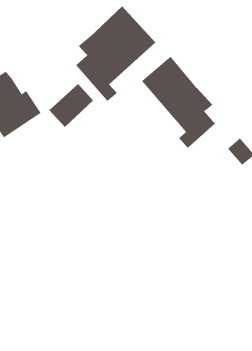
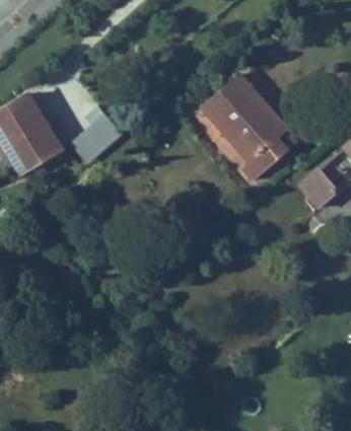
building: [76,5,156,102] -> none

